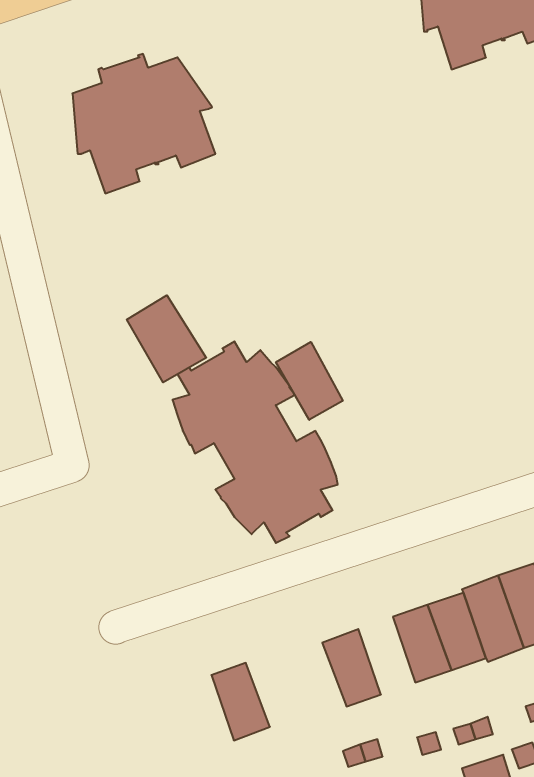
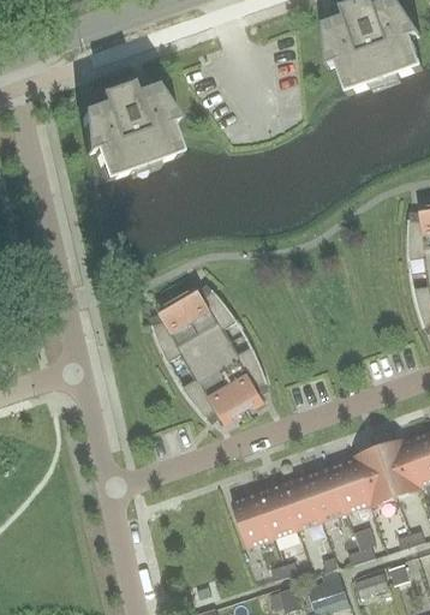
building: [127,295,206,382] -> none
building: [276,342,343,420] -> none
building: none -> [282,473,322,527]
building: [211,663,270,740] -> [233,491,274,545]

